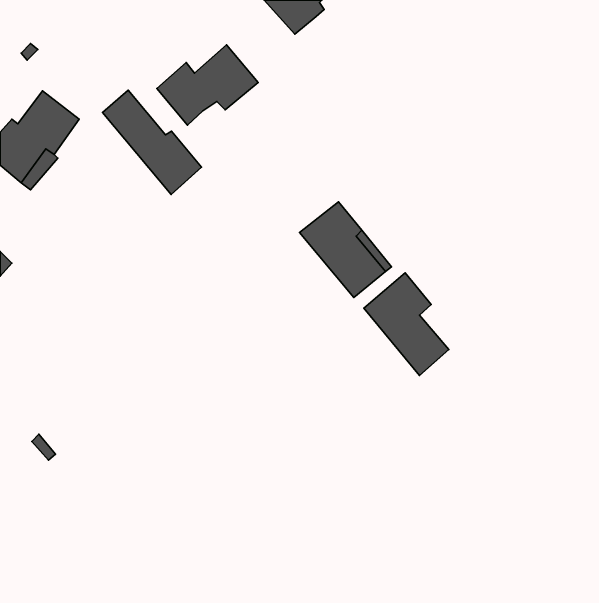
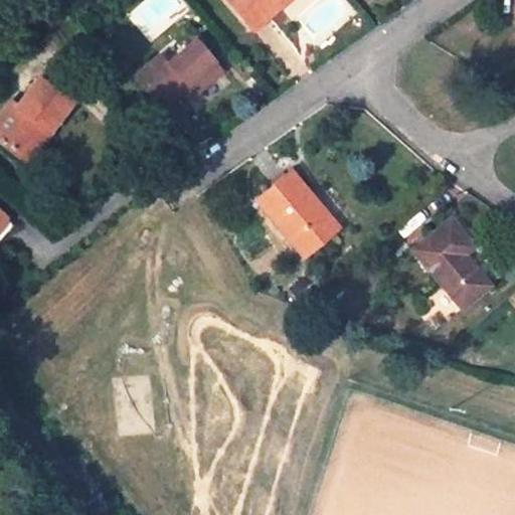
building: [103,90,201,195] -> none
building: [364,273,449,375] -> [415,218,488,306]

